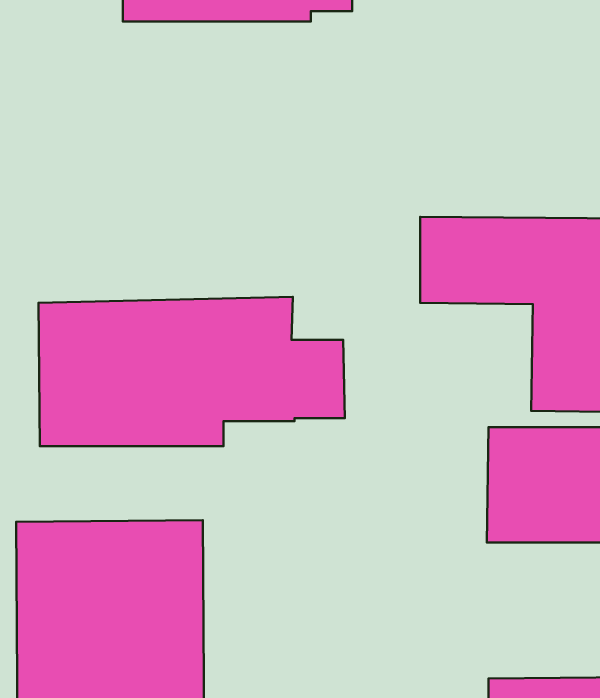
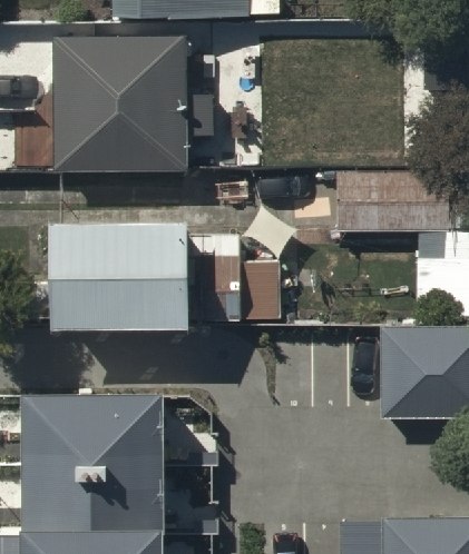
building: none -> [50,40,207,175]

